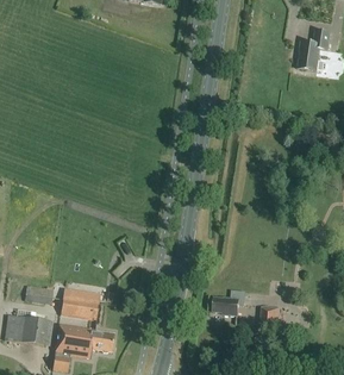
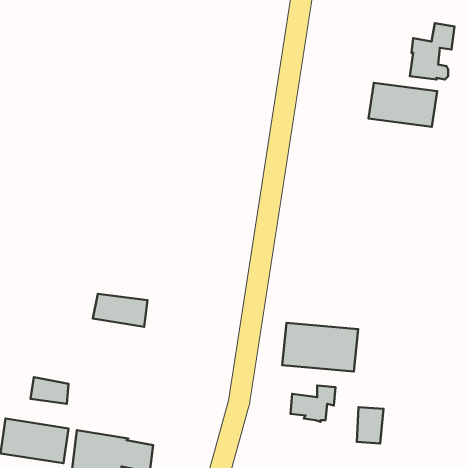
building: none -> [369,83,437,127]
building: none -> [282,323,358,372]
building: [61,296,100,320] -> [93,294,148,327]

